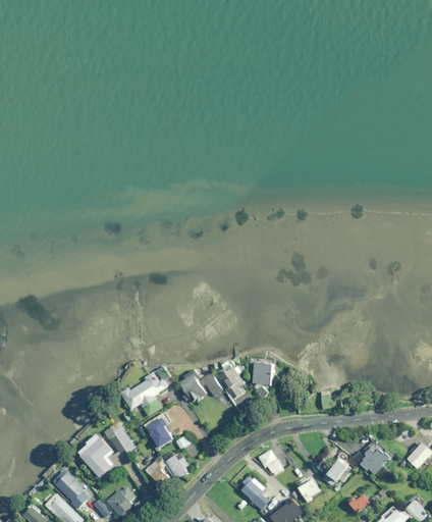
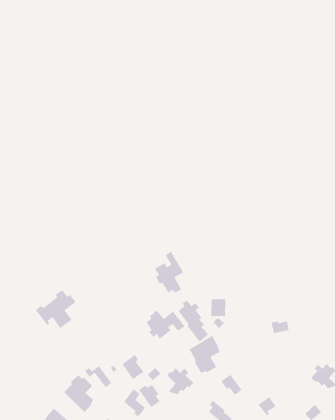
building: none -> [154,251,184,294]
building: [120,372,168,417] -> [35,289,76,329]
building: none -> [189,335,221,374]
building: none -> [167,367,194,395]
building: [321,458,352,484] -> none

